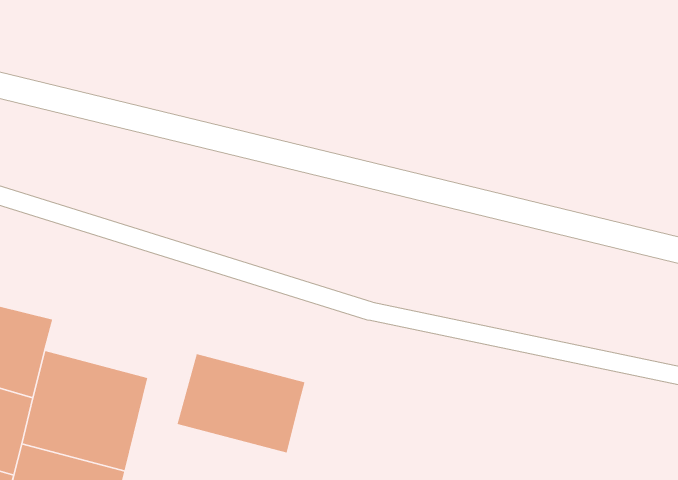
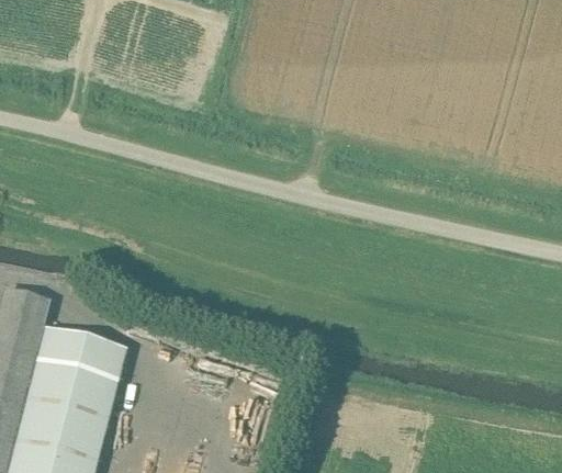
building: [177,353,305,454] -> none

